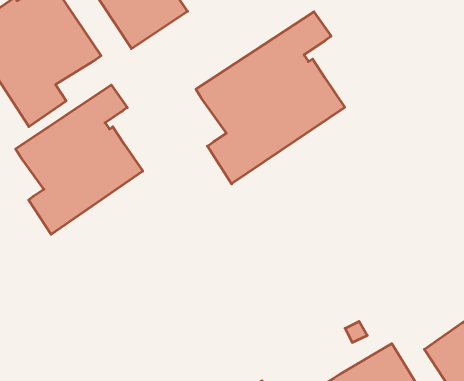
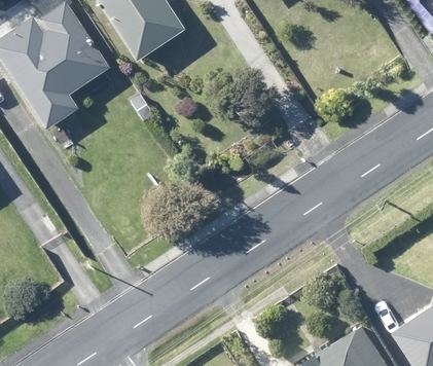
building: [196,12,345,184] -> none
building: [16,85,143,234] -> none

